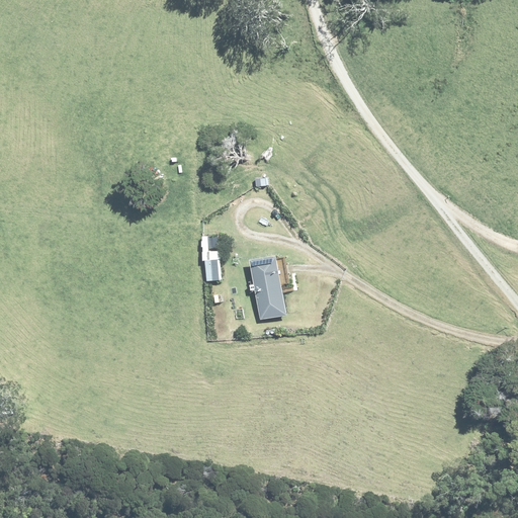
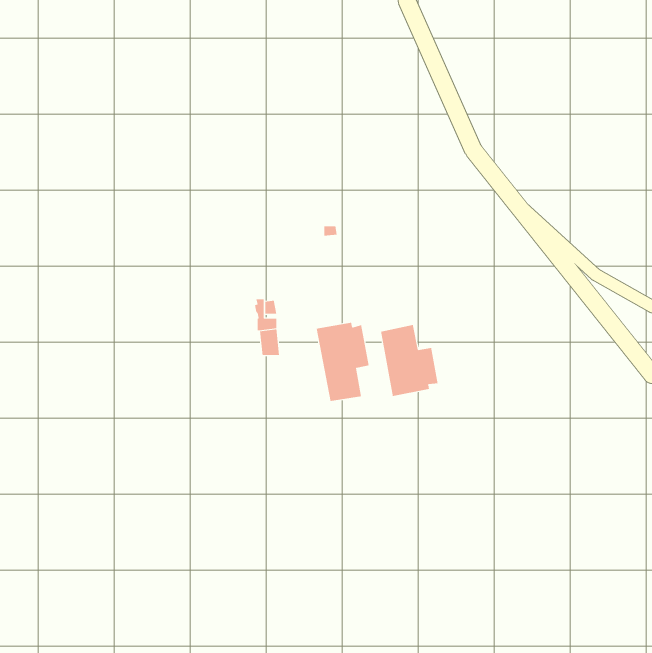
building: none -> [381,324,438,397]

